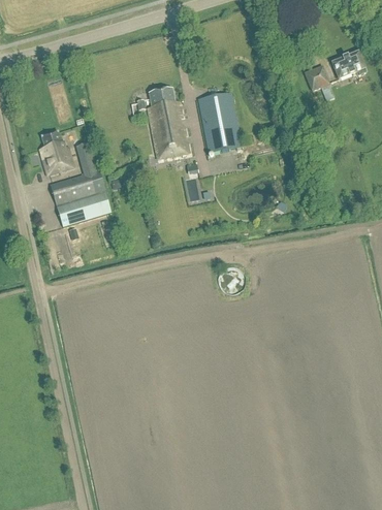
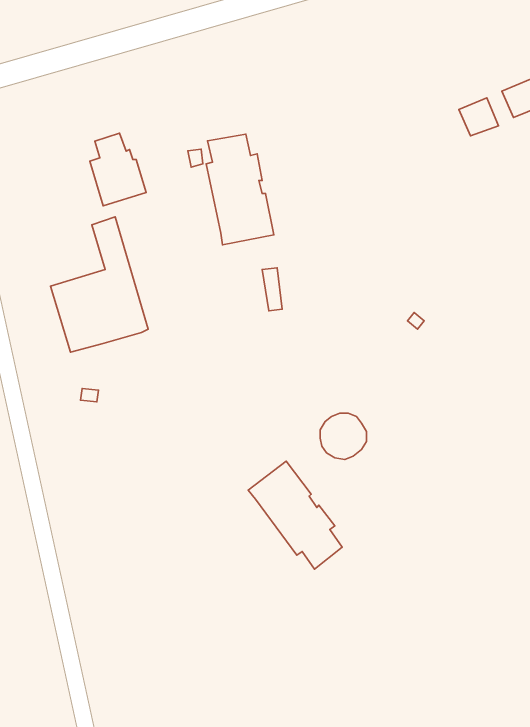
building: [198,91,242,151] -> none
building: [38,129,73,174] -> [90,133,146,206]
building: none -> [248,461,342,569]

